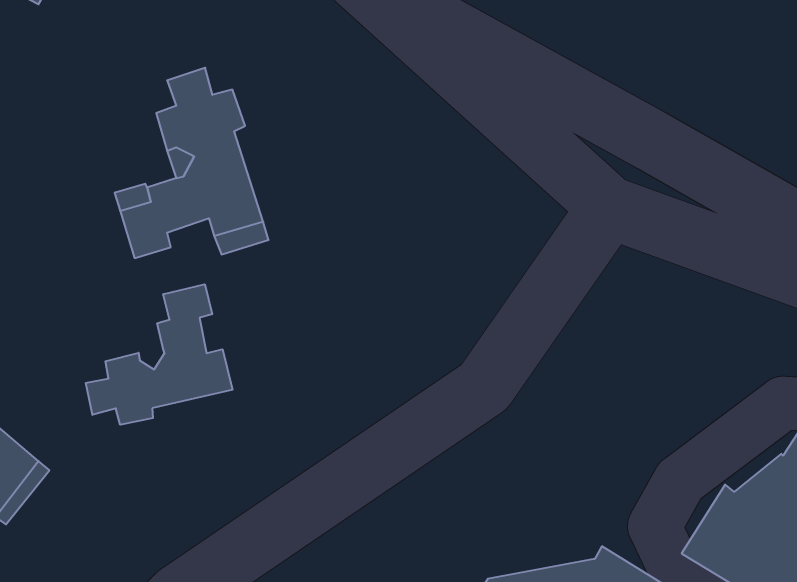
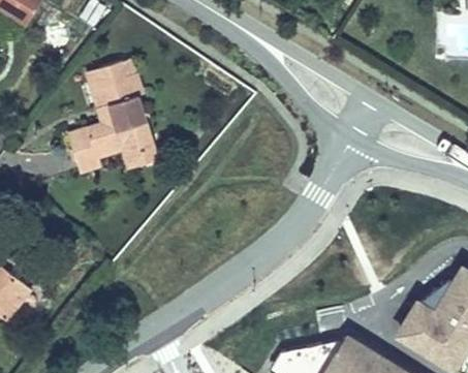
building: [86,284,232,425] -> none

